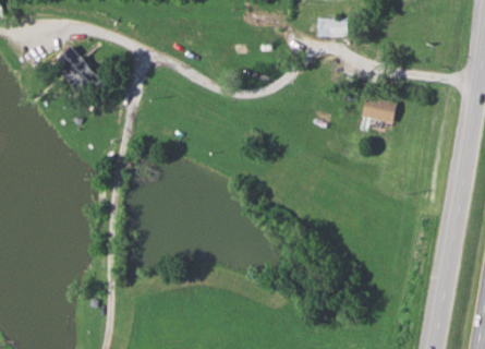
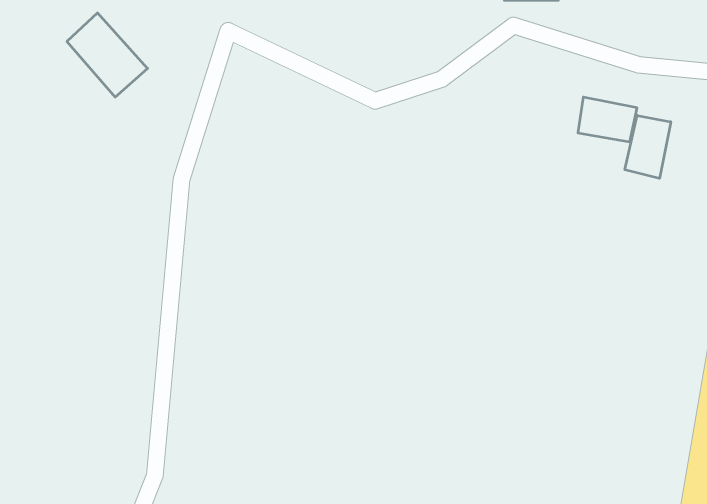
building: none -> [625,115,671,178]

